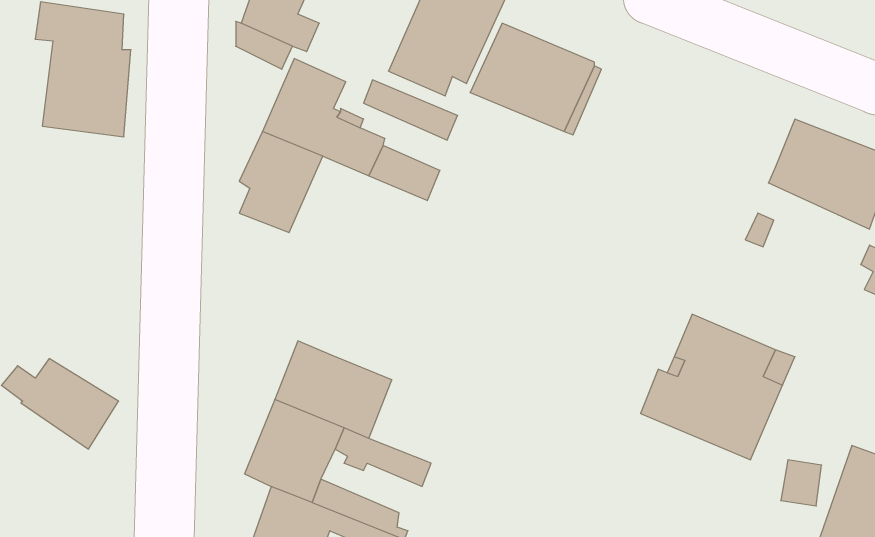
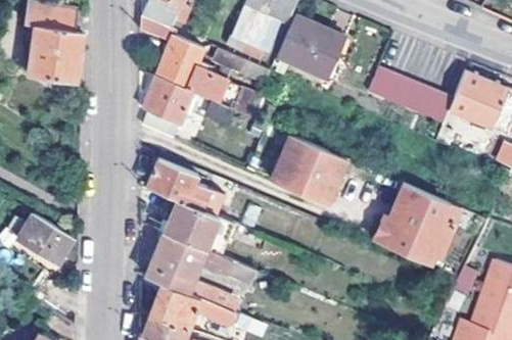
building: none -> [369,68,451,122]
building: none -> [275,137,348,204]
building: none -> [144,159,204,207]

